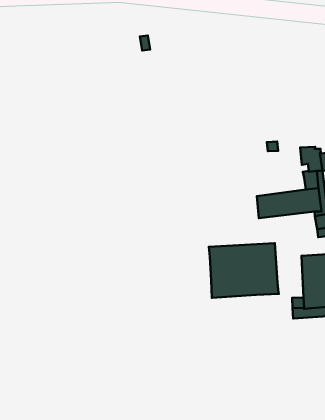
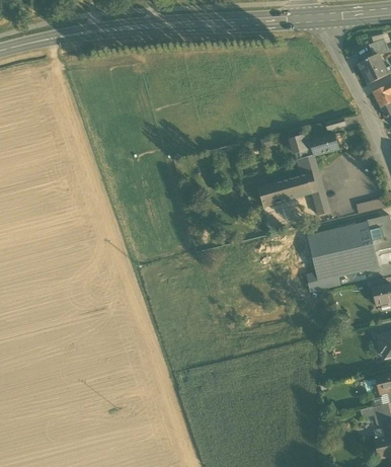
building: [209,243,279,298] -> none

